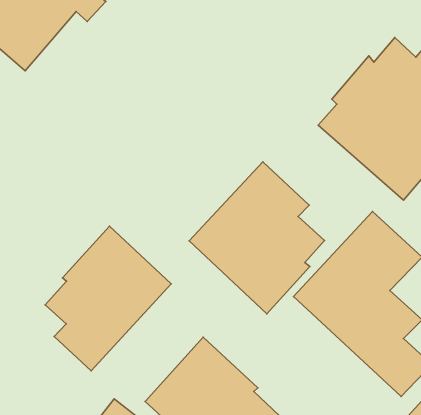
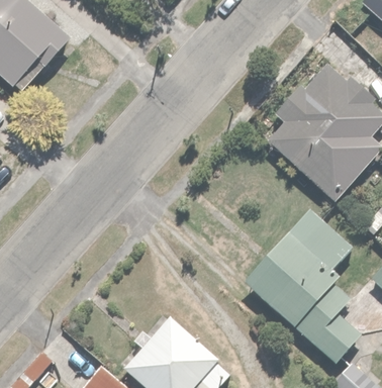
building: [189,162,324,314] -> none
building: [45,226,171,371] -> none

